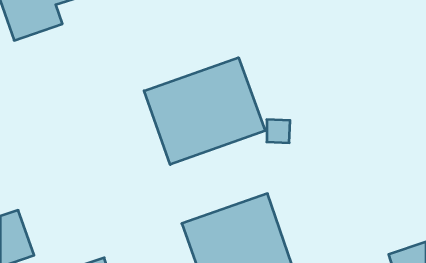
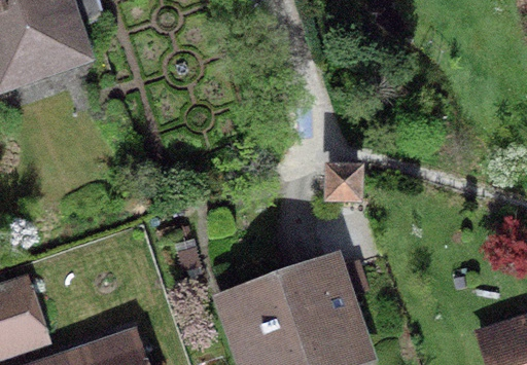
building: [144,58,265,165] -> none

